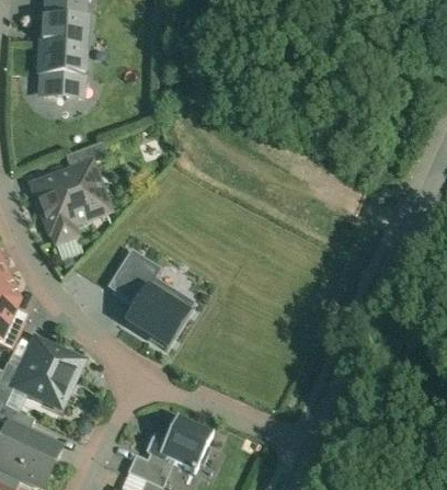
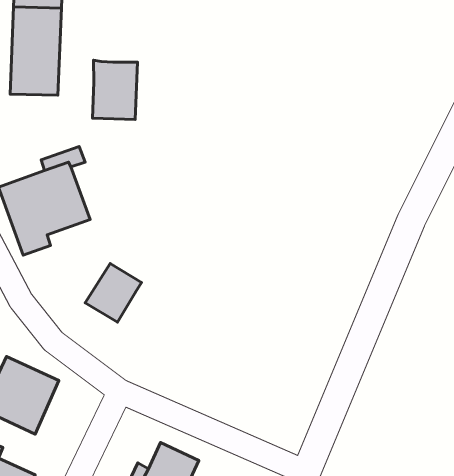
building: none -> [92,60,138,119]
building: [128,277,194,344] -> none

